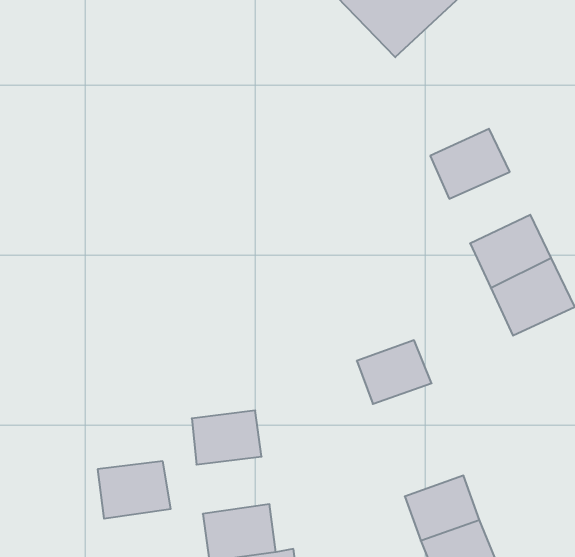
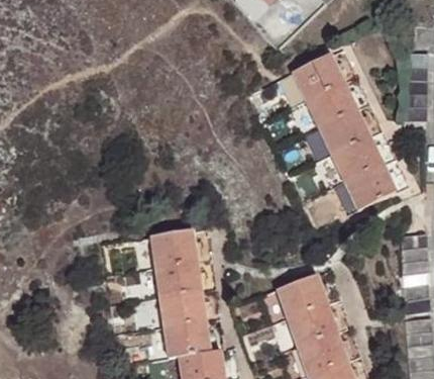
building: none -> [293,54,343,100]
building: none -> [318,110,369,156]
building: [357,340,432,404] -> [280,276,327,316]
building: none -> [150,231,195,267]
building: [98,461,171,519] -> [157,291,204,327]

